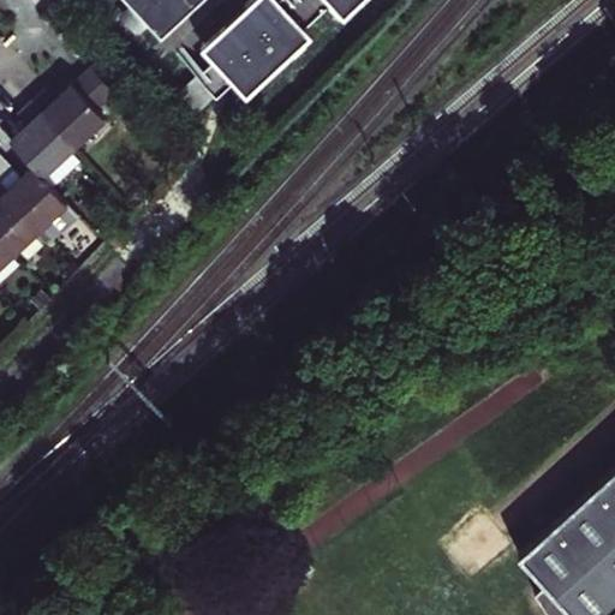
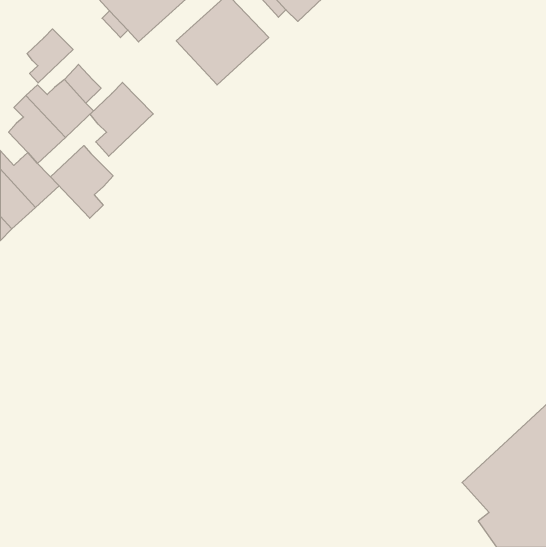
building: none -> [27,29,73,83]
building: none -> [90,82,153,156]
building: none -> [50,146,113,218]

